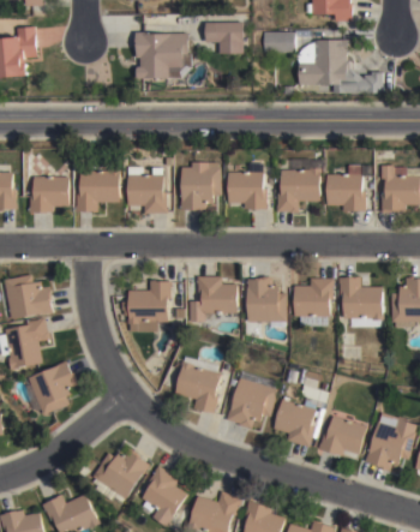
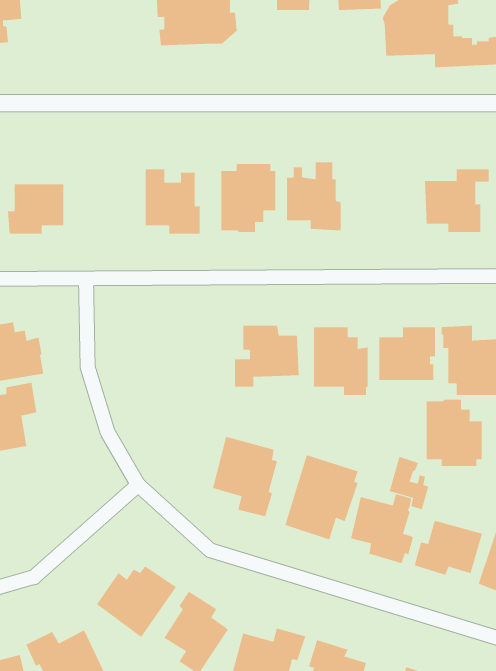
building: [275,159,322,213] -> none
building: [76,169,121,211] -> none
building: [128,281,172,331] -> none
building: none -> [426,399,482,467]
building: [29,363,79,416] -> none

